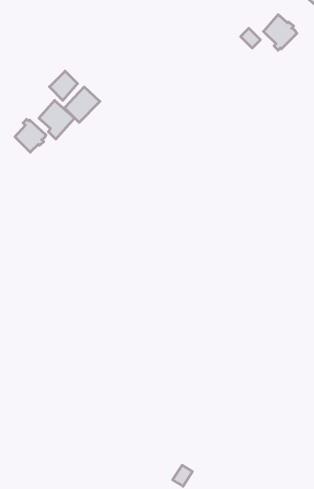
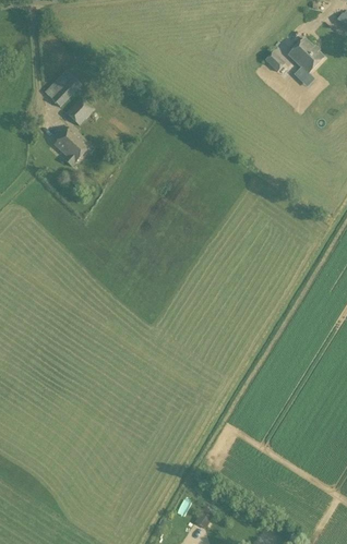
building: [64,87,100,122] -> [43,69,80,106]
building: [15,119,46,152] -> none

